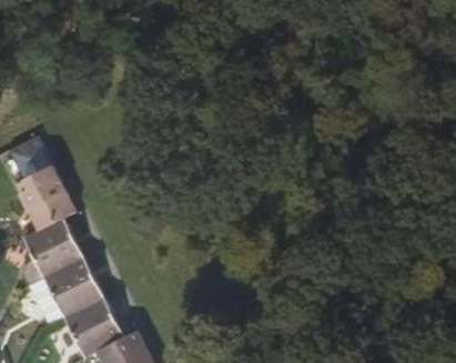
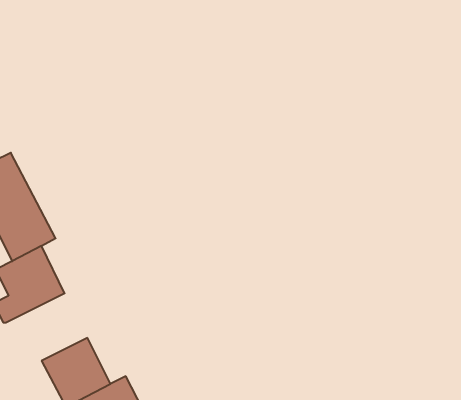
building: [33,258,104,323] -> none

